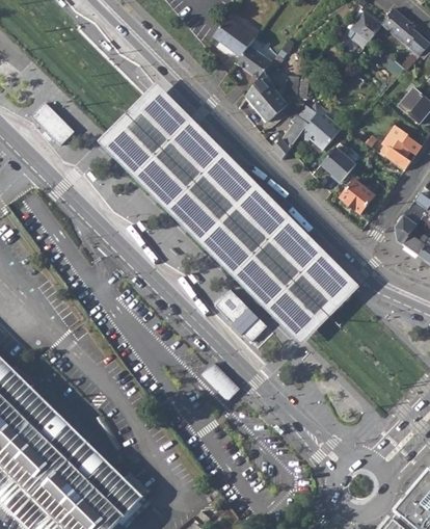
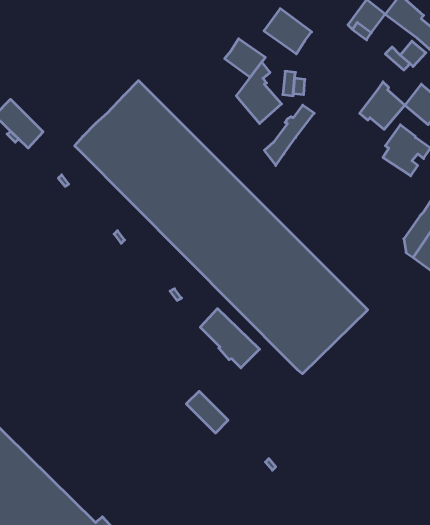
building: [213,18,256,58] -> [264,9,312,54]
building: [300,107,341,150] -> [360,82,405,129]
building: [320,142,355,183] -> none
building: [340,180,374,213] -> none

